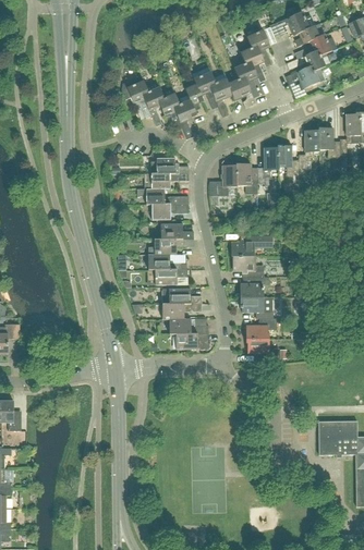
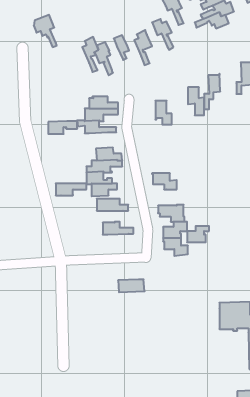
building: [239,42,266,83] -> none
building: [286,65,325,88] -> none
building: [193,68,218,109] -> none
building: [226,74,256,108] -> none
building: [122,76,151,118] -> [34,15,57,47]
building: [174,95,195,138] -> none
building: [318,127,340,158] -> none
building: [257,146,278,185] -> none
building: [216,166,236,196] -> none
building: [151,204,189,220] -> [48,121,77,134]
building: [232,235,272,256] -> none
building: [240,277,268,297] -> [187,226,209,242]
building: [162,304,202,319] -> [56,183,86,195]
building: [175,333,209,350] -> [118,279,145,292]

